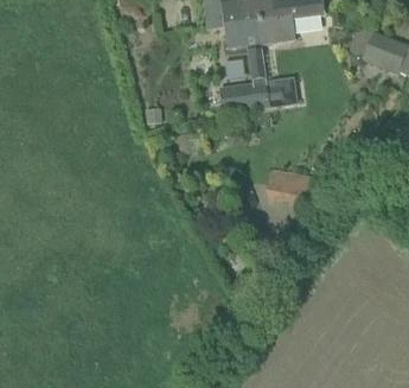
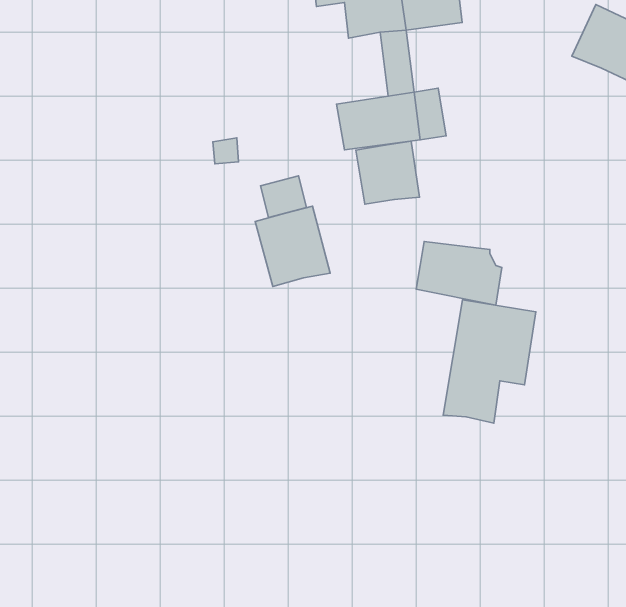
building: none -> [356,141,420,204]
building: none -> [255,206,330,286]
building: none -> [443,300,536,423]

